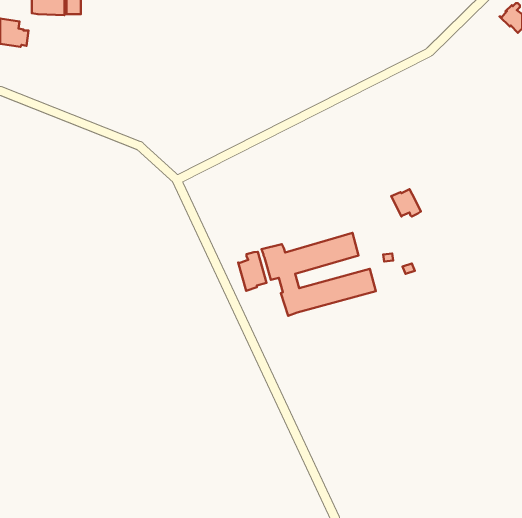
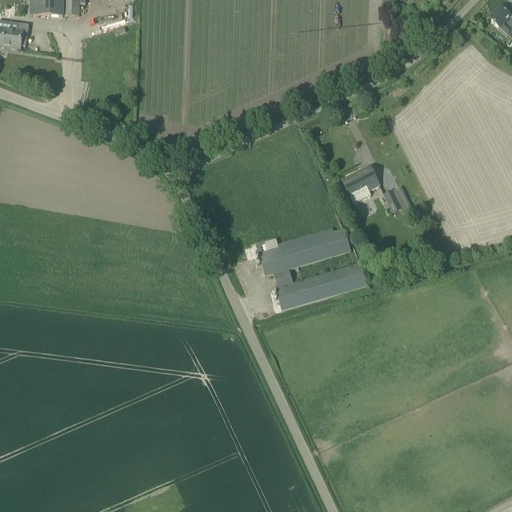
building: none -> [342,165,379,202]
building: [238,252,266,291] -> none

